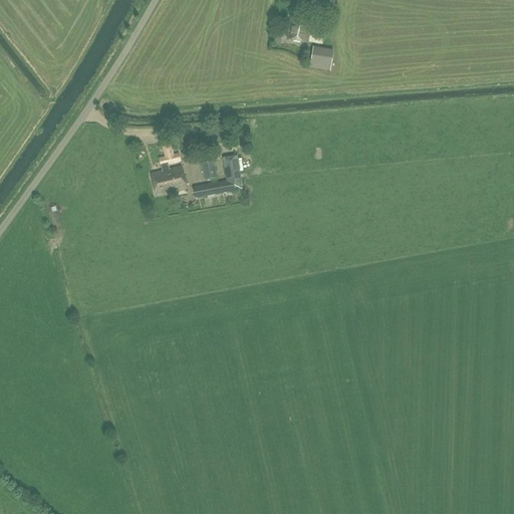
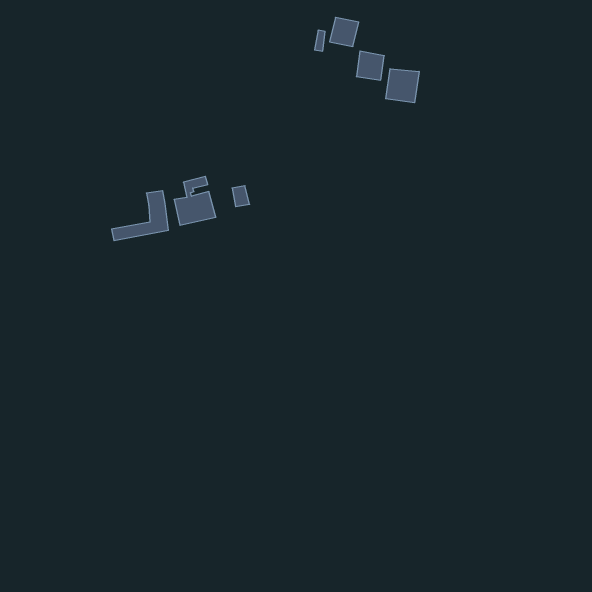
building: none -> [386,69,419,103]
building: [192,154,241,197] -> [112,191,168,241]

